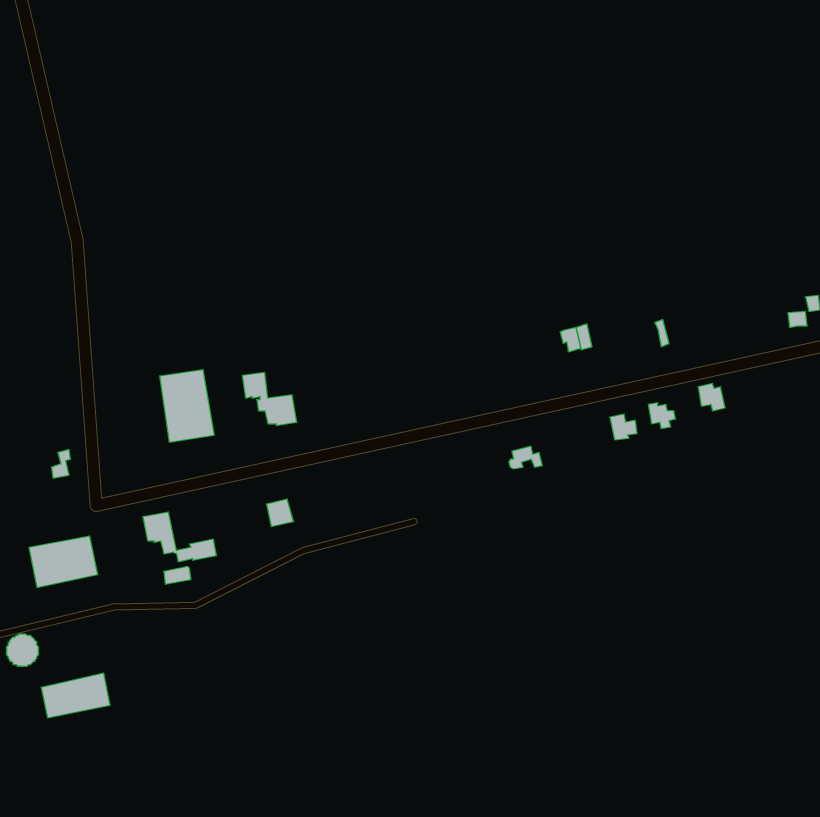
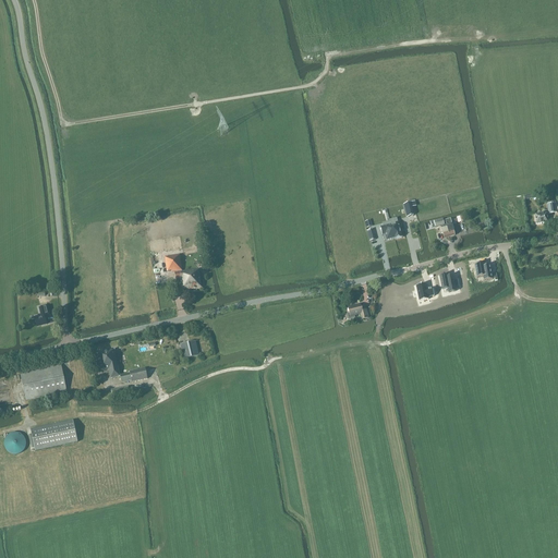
building: [160,369,214,442] -> none
building: [41,673,110,718] -> [31,418,77,449]

